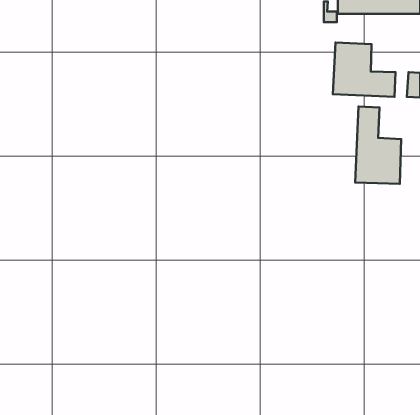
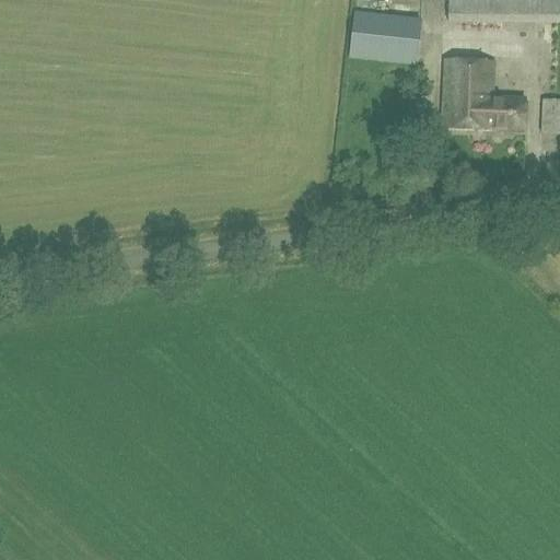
building: none -> [349,10,421,61]
building: [355,106,401,184] -> none

